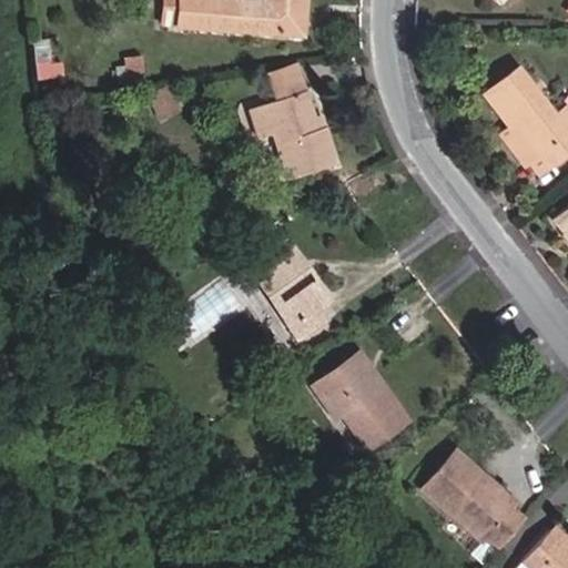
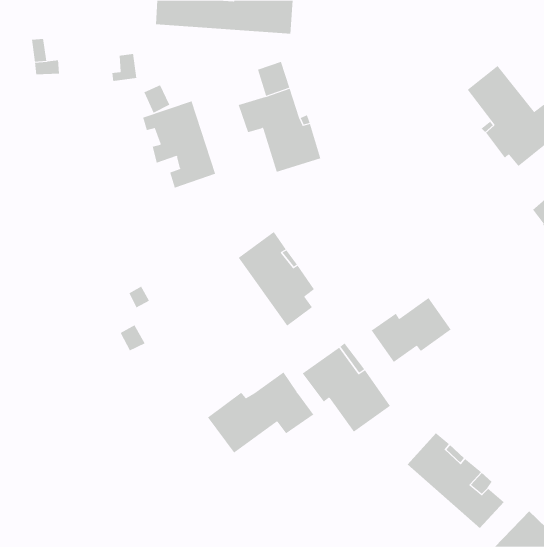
building: none -> [142,101,216,188]
building: none -> [371,297,452,363]
building: none -> [207,372,314,453]

